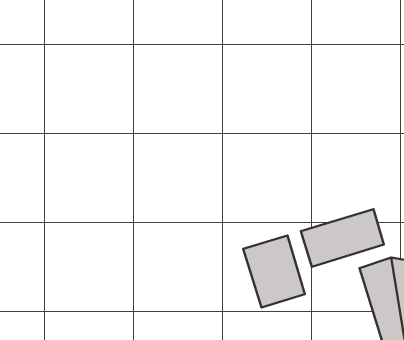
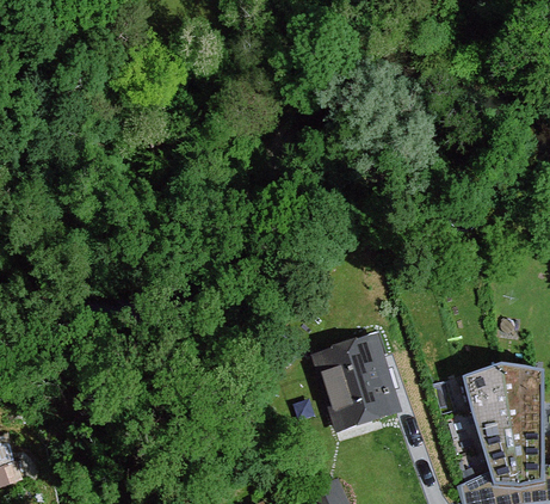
building: [301,209,384,267] -> none

